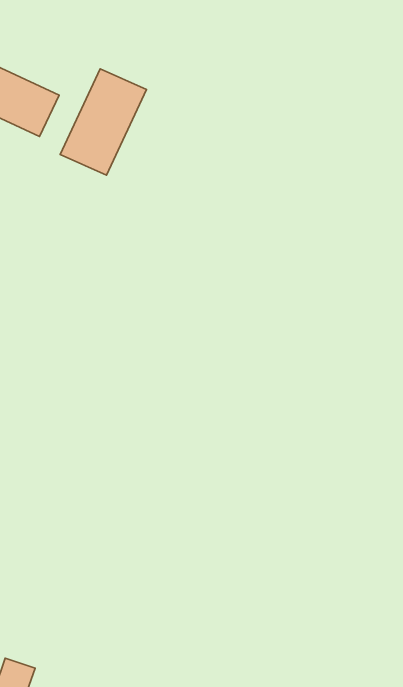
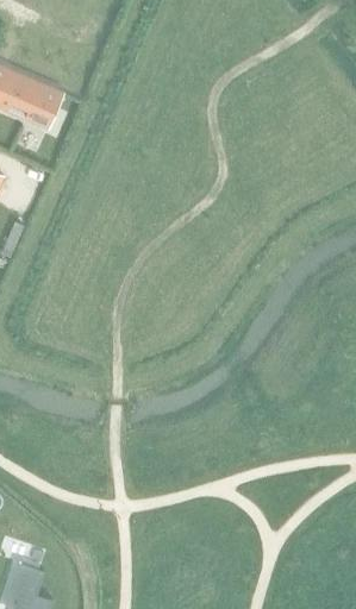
building: [60,69,146,175] -> none

